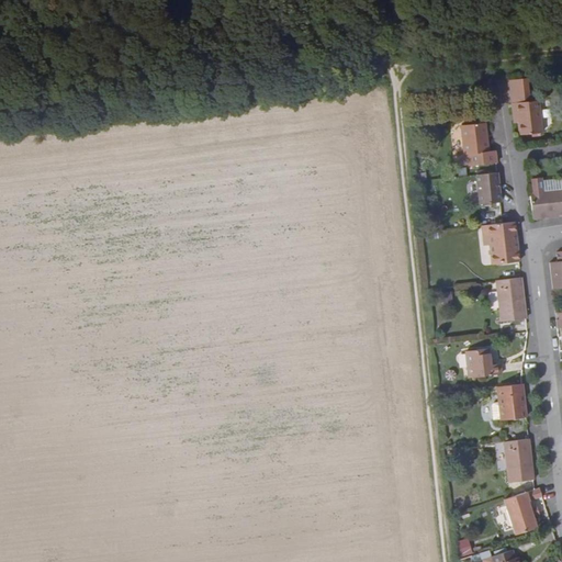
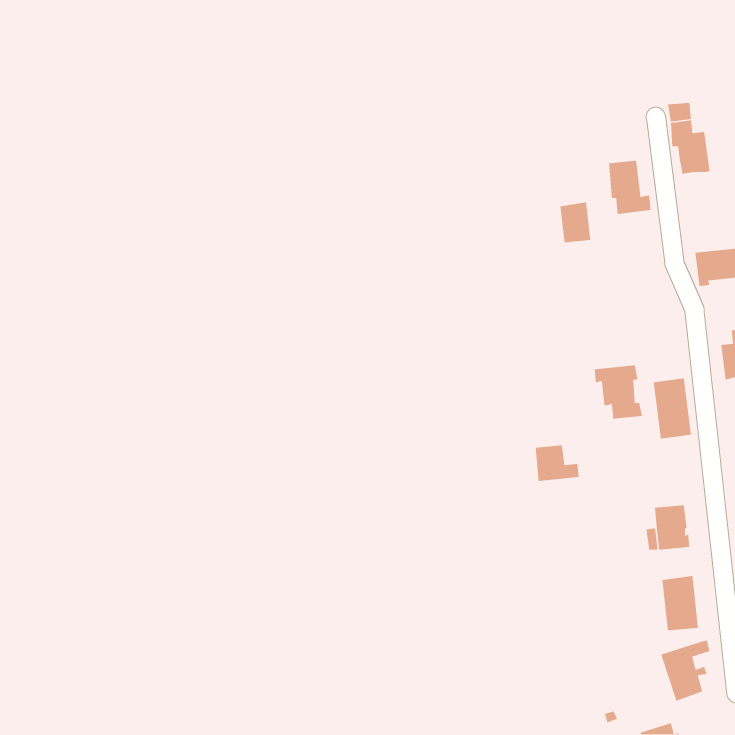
building: [477,170,502,202] -> [560,202,591,243]
building: [483,221,520,262] -> [594,365,643,419]
building: [468,348,502,376] -> [535,444,580,482]

